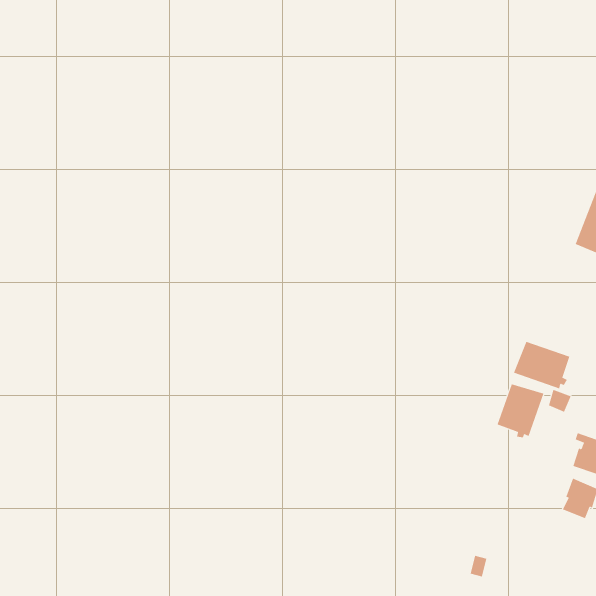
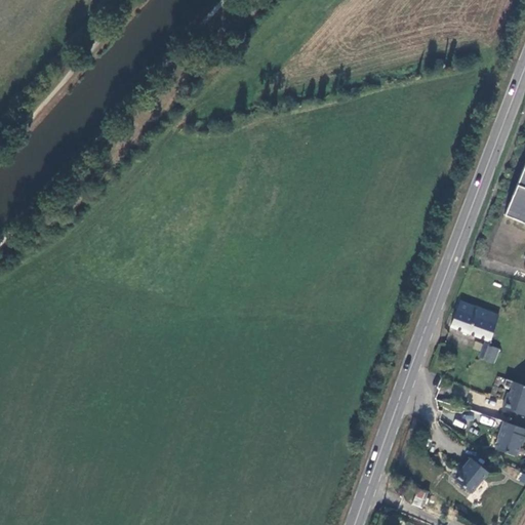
building: [497,383,544,438] -> none
building: none -> [454,456,488,492]

